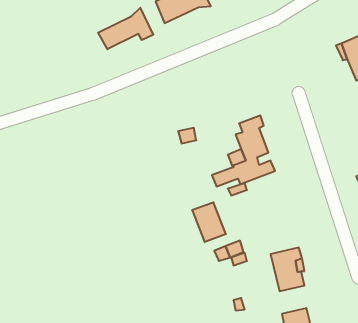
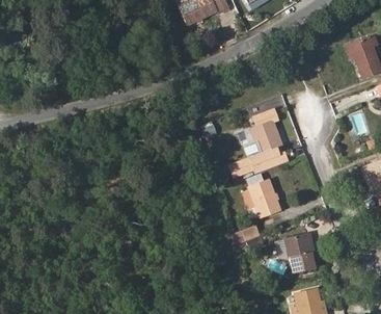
building: [98,8,153,49] -> none
building: [192,202,226,242] -> [248,180,279,216]

